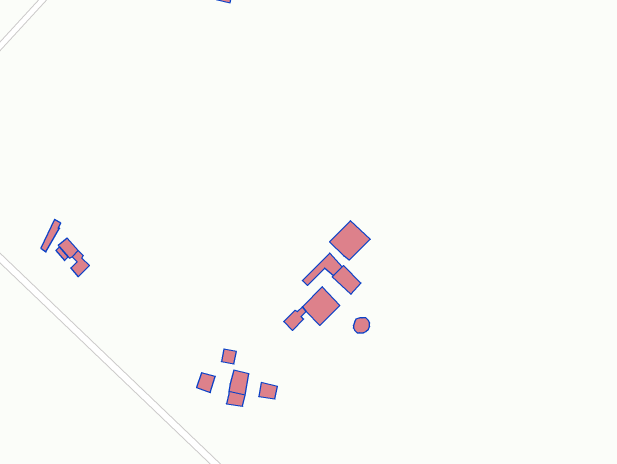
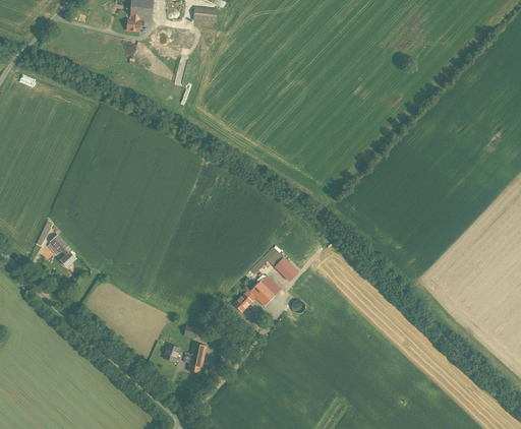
building: [330,221,370,260] -> none

